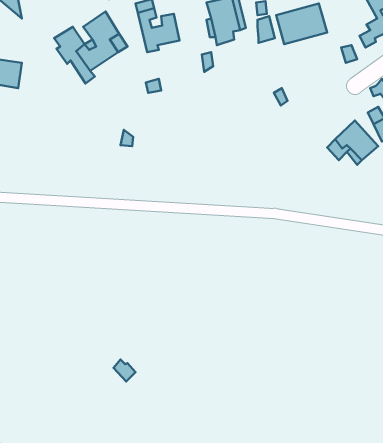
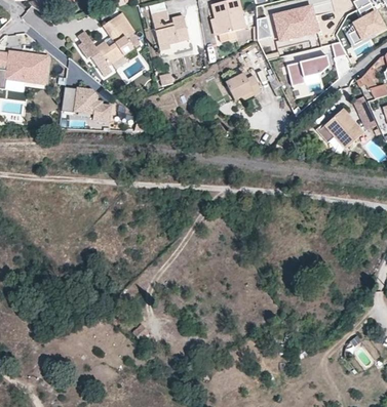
building: none -> [286,55,330,86]
building: none -> [226,73,262,99]
building: none -> [63,87,111,120]

